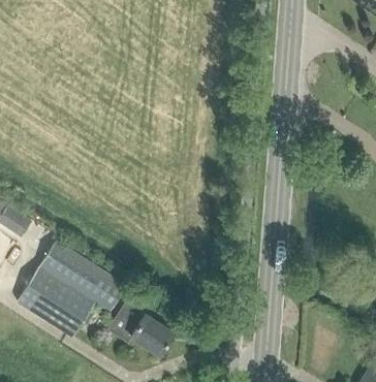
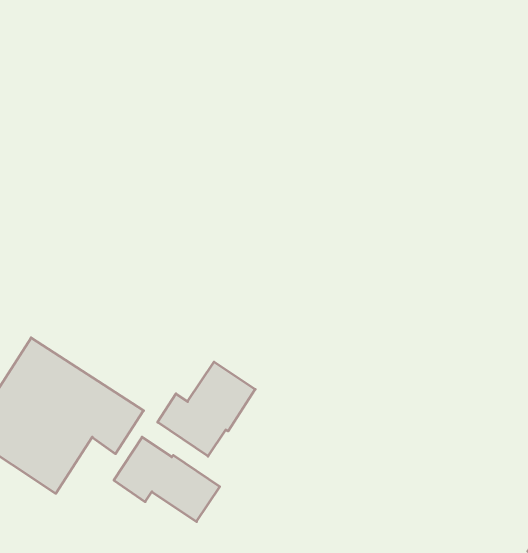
building: none -> [158,362,255,456]

